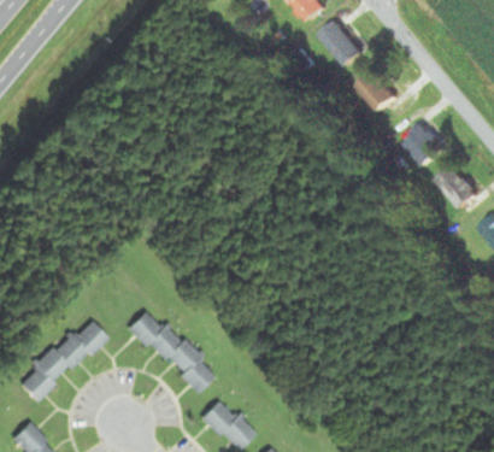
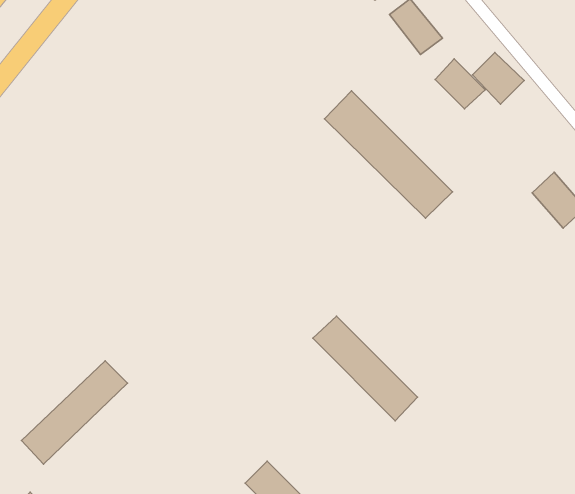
building: none -> [324,91,453,218]
building: [402,124,445,166] -> [473,53,524,104]
building: [129,309,214,394] -> [313,316,417,421]

